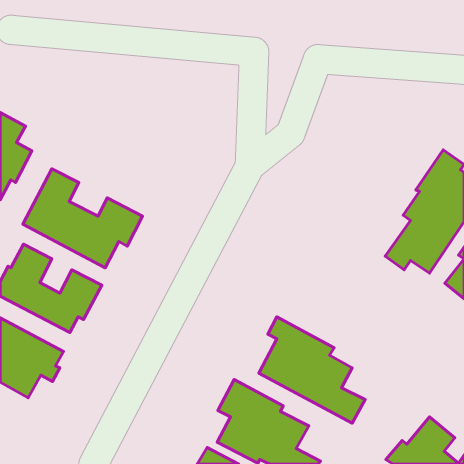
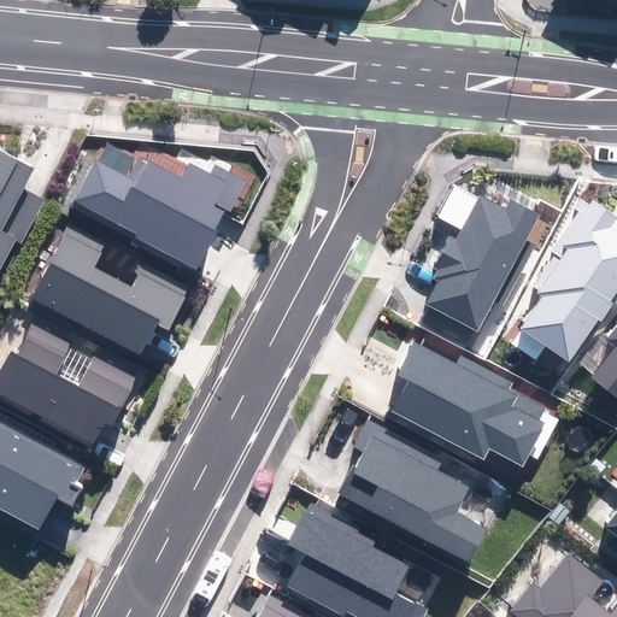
building: none -> [72,161,245,270]
building: none -> [424,198,540,331]
building: none -> [382,345,551,466]

